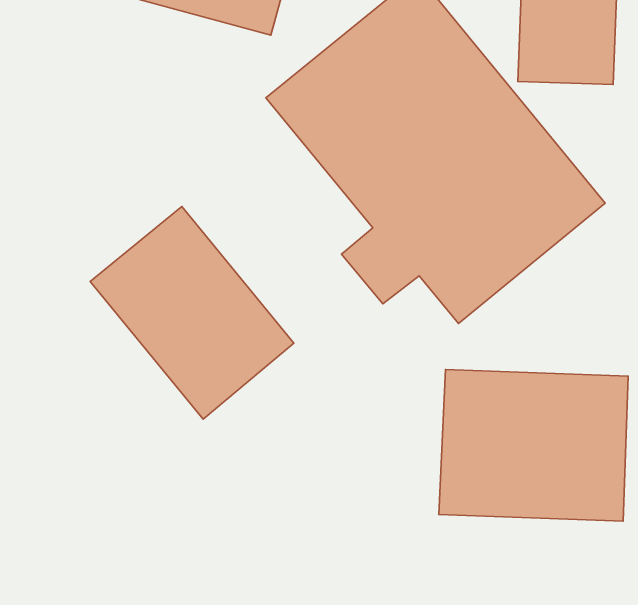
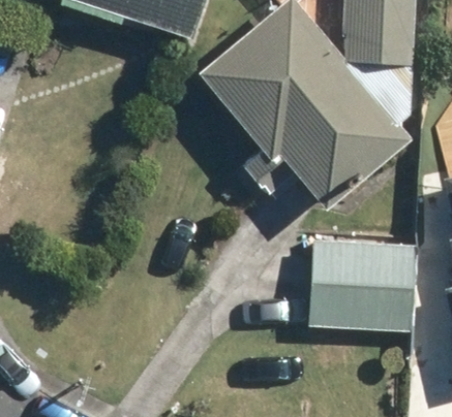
building: [90,207,294,419] -> none

